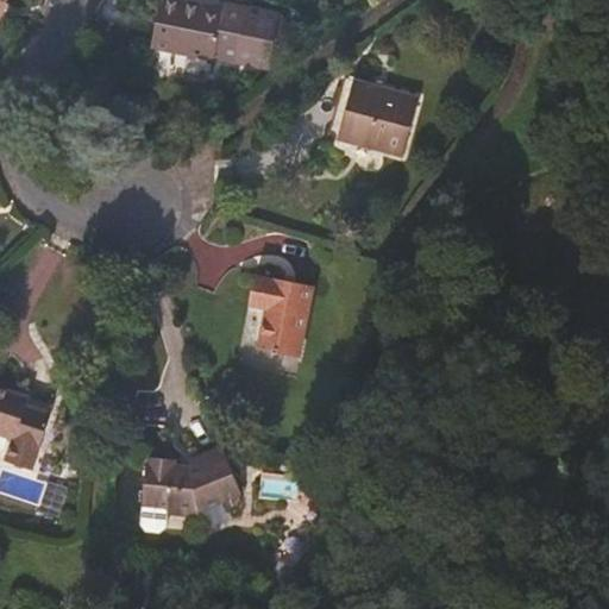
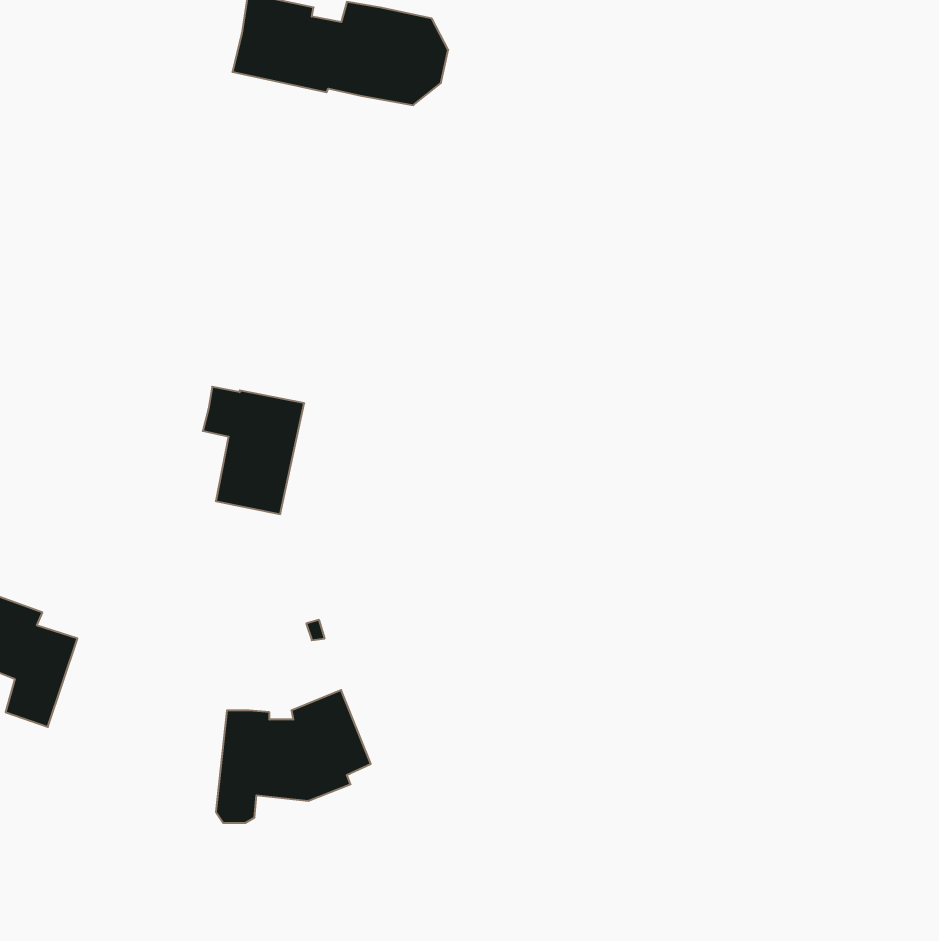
building: [327,76,416,156] -> none
building: [247,275,313,357] -> [203,387,304,514]

